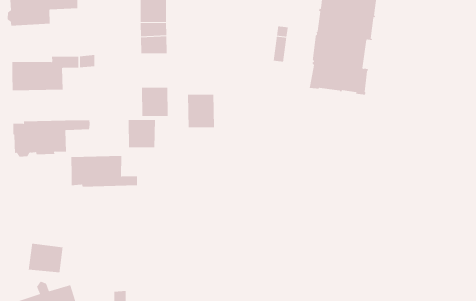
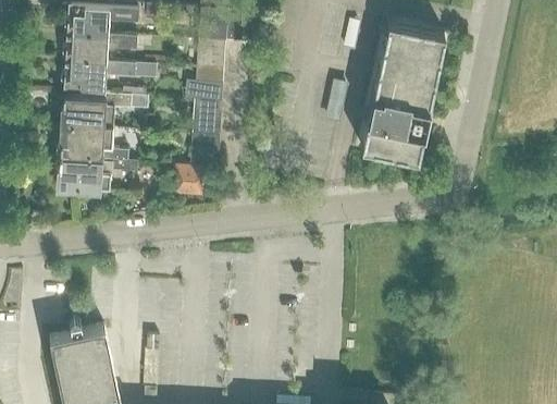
building: none -> [62,62,157,91]
building: [187,94,215,128] -> [193,101,222,137]
building: [70,156,138,187] -> [60,127,128,162]
building: [28,243,63,273] -> none

